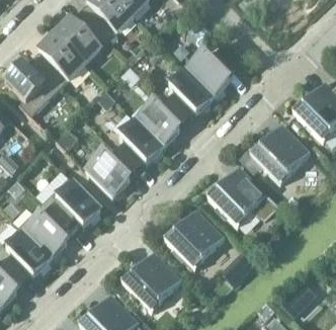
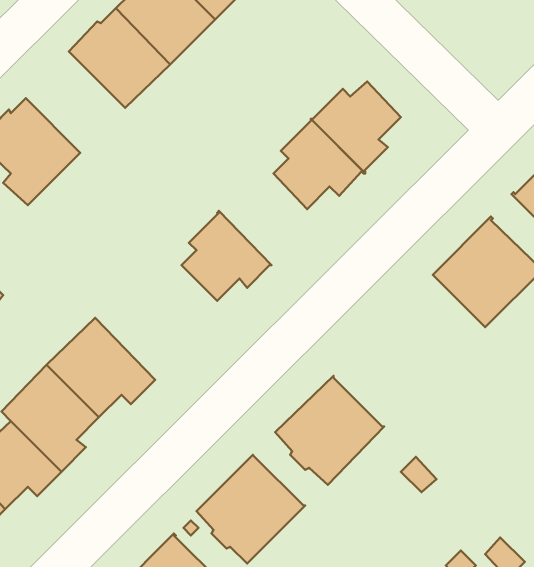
building: [30,33,84,88] -> none
building: [135,99,182,149] -> none
building: [85,149,134,198] -> none
building: [207,165,277,225] -> none

